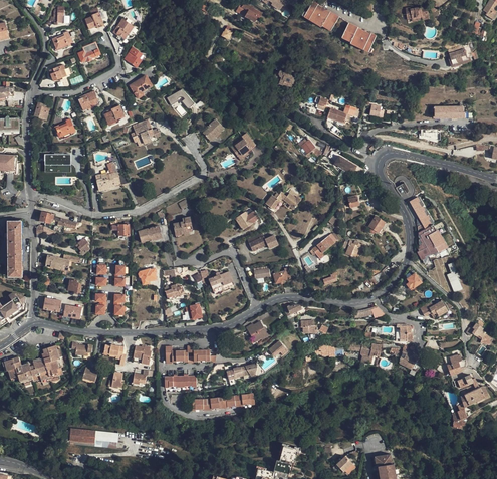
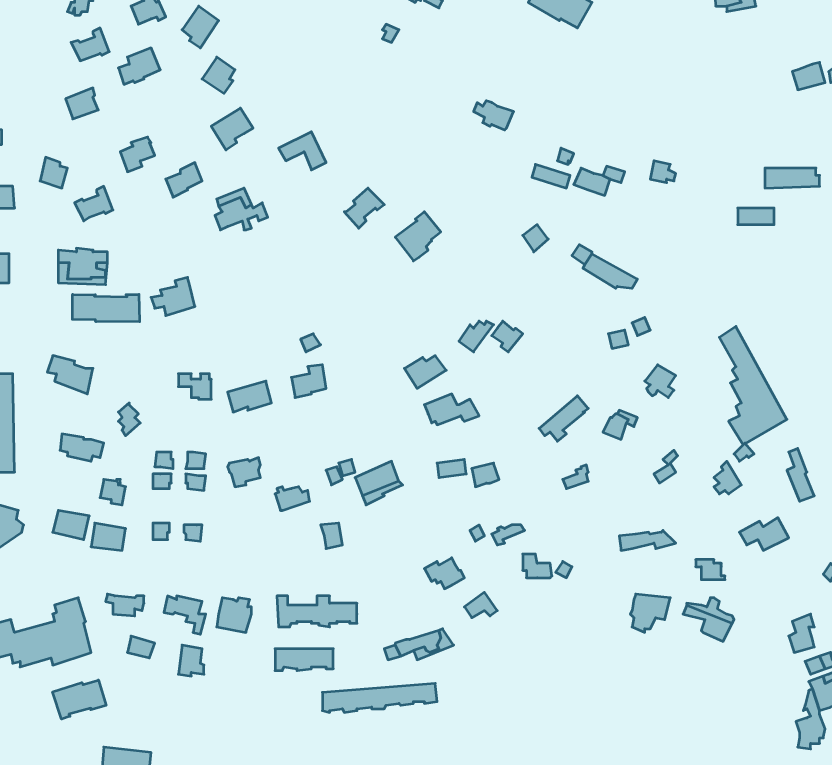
building: [341,23,375,52] -> none
building: none -> [72,294,140,322]
building: none -> [53,680,106,719]

